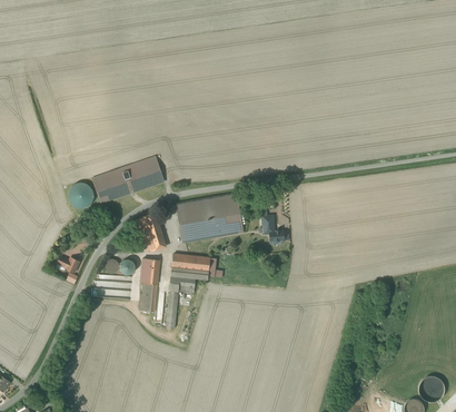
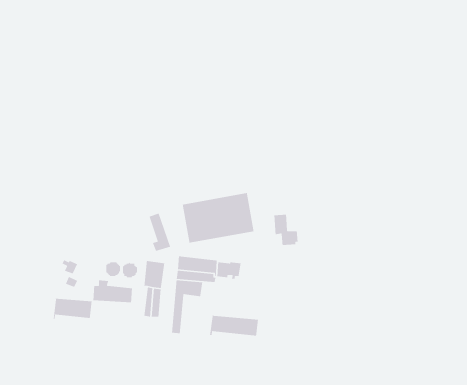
building: [92,155,163,204] -> none
building: [67,182,92,208] -> none
building: none -> [53,298,92,320]
building: none -> [209,315,259,337]

